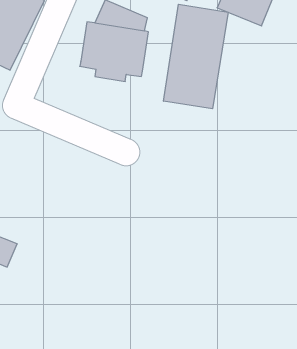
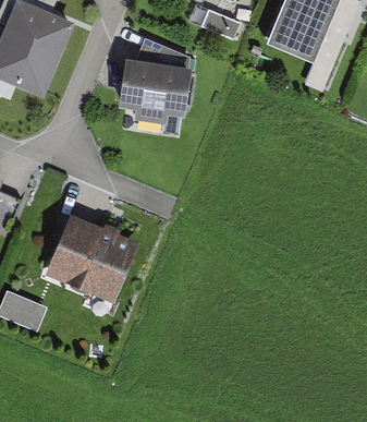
building: [164,4,228,109] -> none
building: none -> [48,212,129,287]

